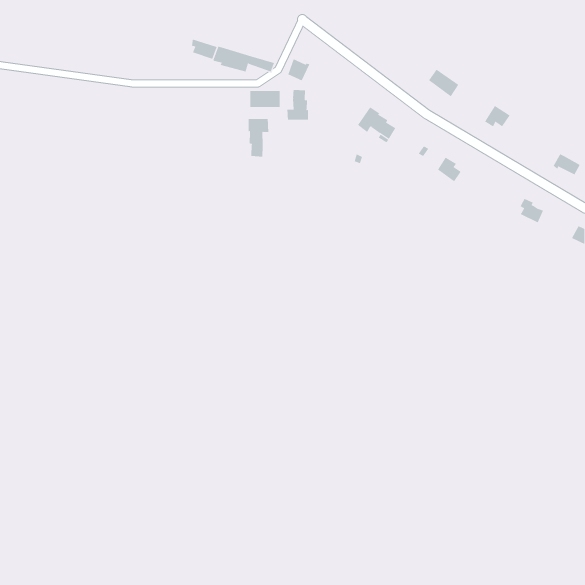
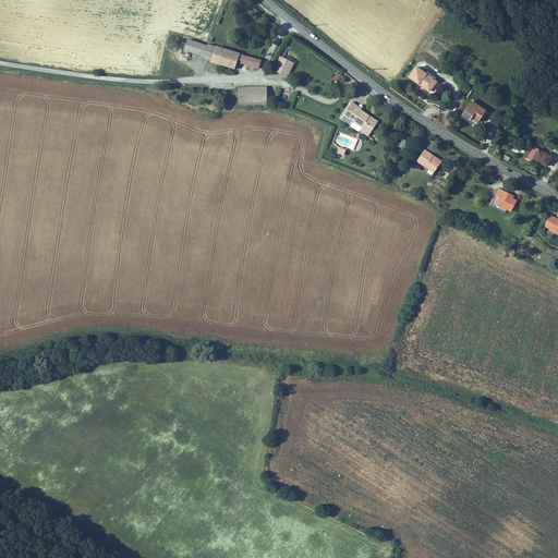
building: [287,89,309,120] -> none
building: [248,118,269,157] -> none

